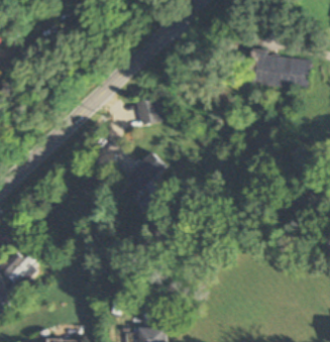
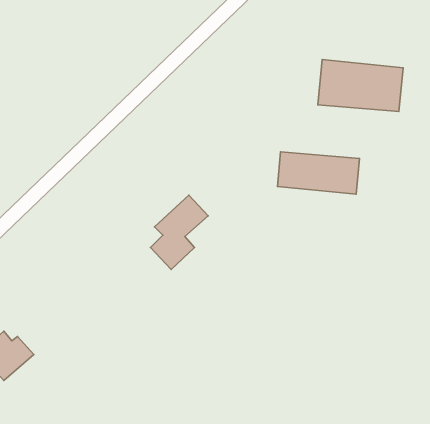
building: [137,99,159,125] -> none
building: none -> [278,152,359,194]

